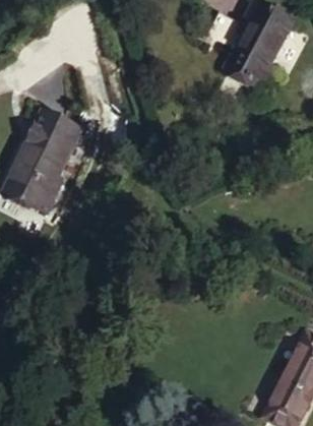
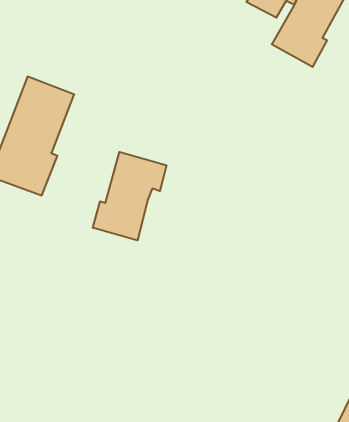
building: none -> [93,152,166,240]

